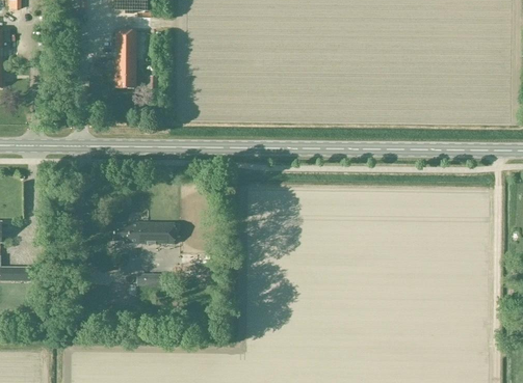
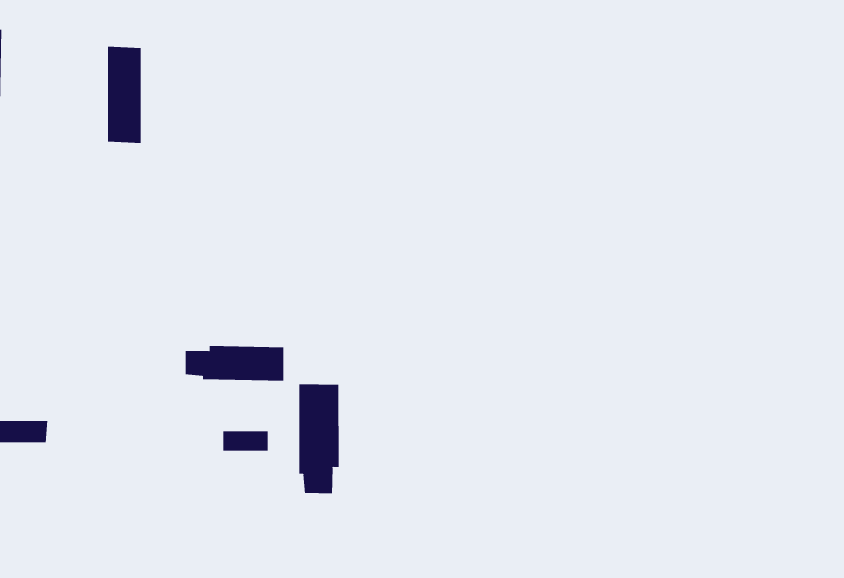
building: [115,30,136,89] -> [107,46,141,143]
building: none -> [299,383,339,494]

